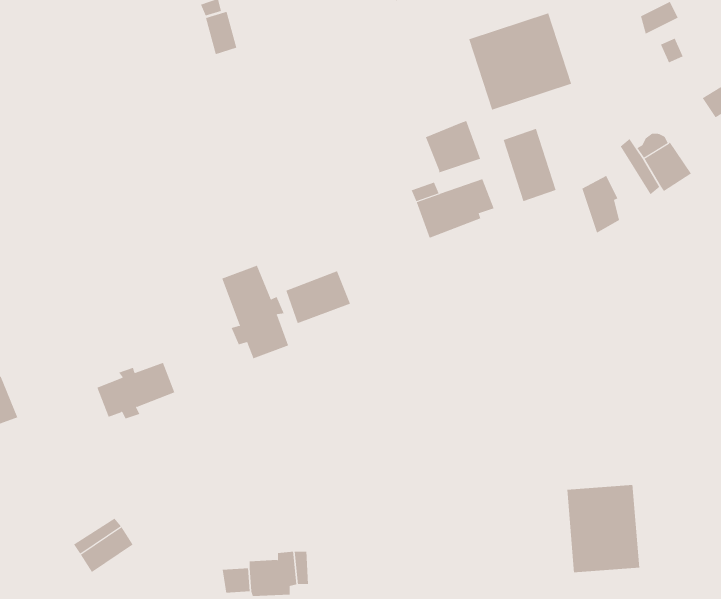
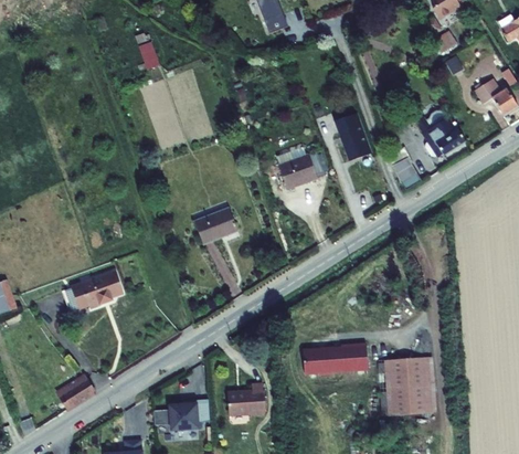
building: [469,13,572,111] -> none
building: [425,120,481,173] -> none
building: [222,265,289,359] -> none
building: none -> [300,339,364,369]
building: none -> [229,379,266,411]

